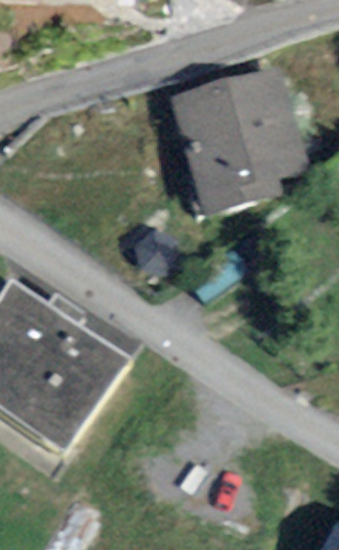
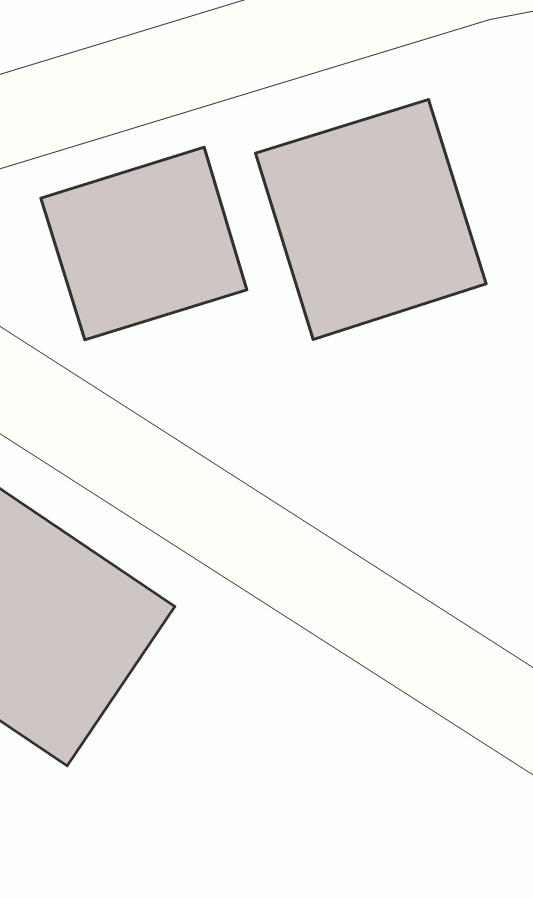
building: none -> [41,147,247,340]

